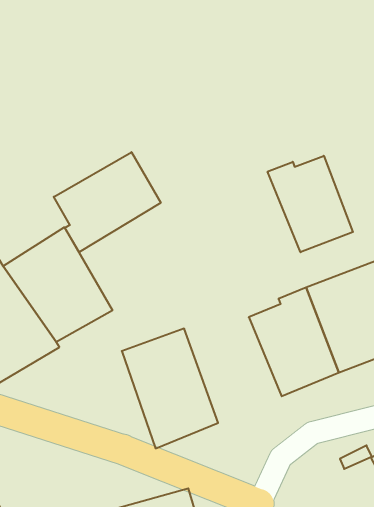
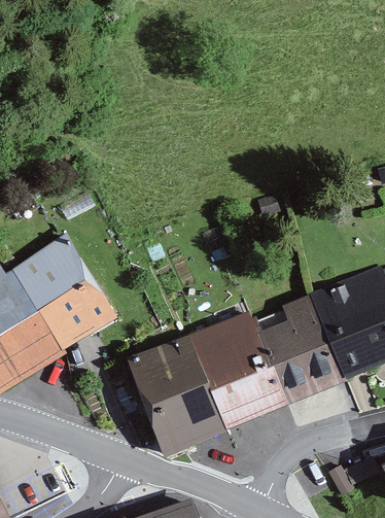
building: [54,152,161,252] -> none
building: [268,156,353,252] -> none
building: none -> [188,313,286,430]

